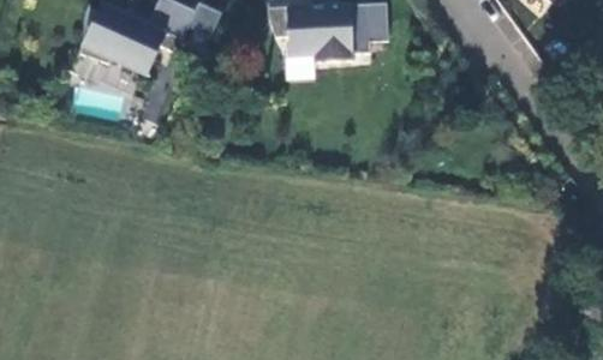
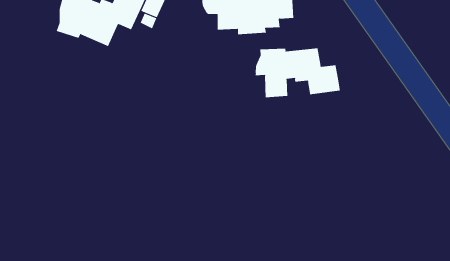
building: none -> [255,48,340,98]

